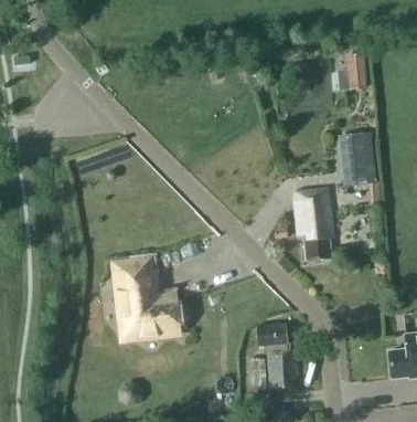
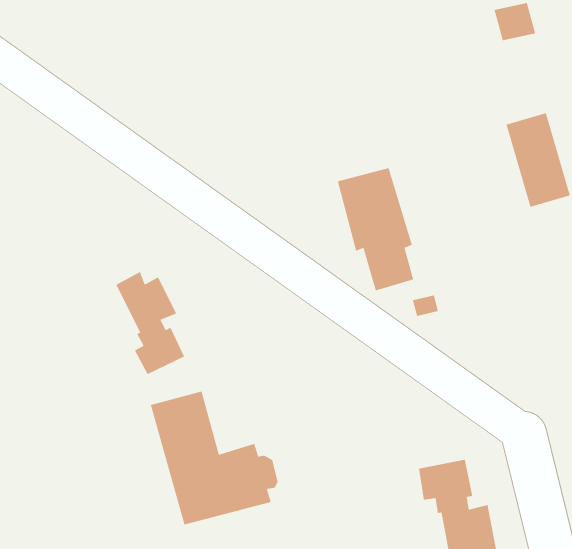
building: none -> [115,271,185,375]
building: [296,189,333,259] -> [337,167,414,292]

